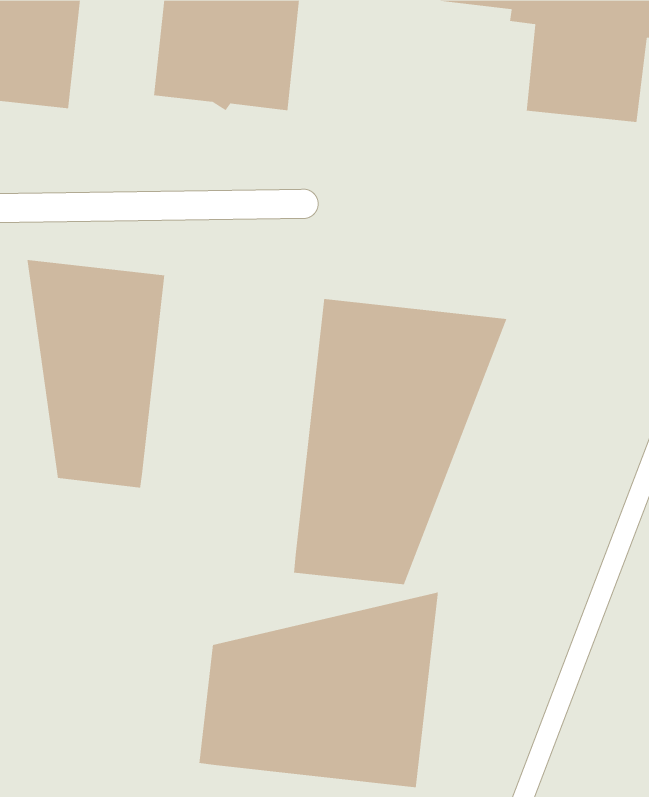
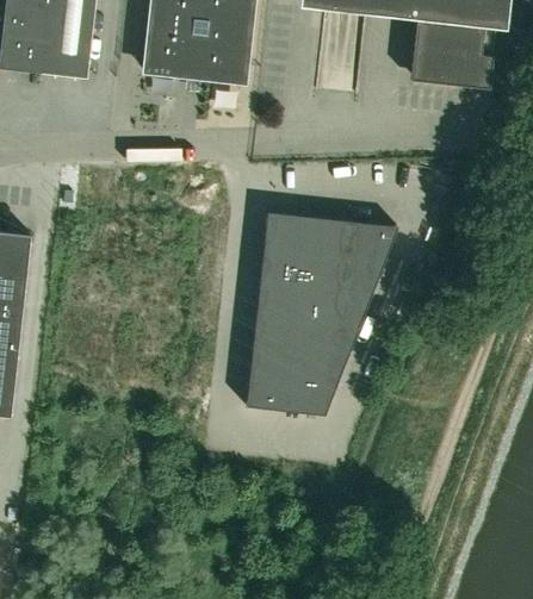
building: [27,259,165,488] -> none
building: [198,591,439,788] -> none

